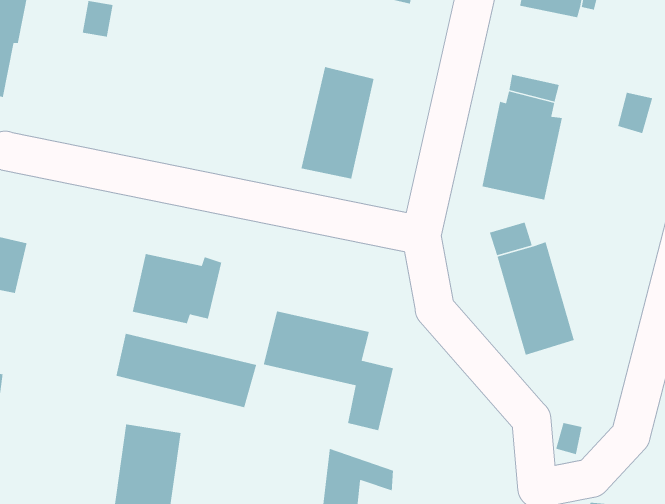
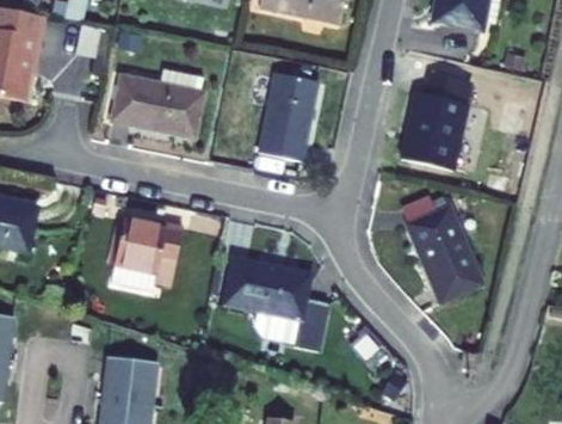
building: none -> [118,66,204,133]
building: [115,333,257,408] -> none

